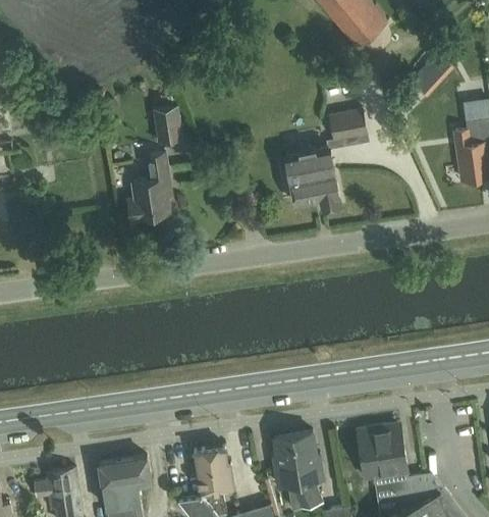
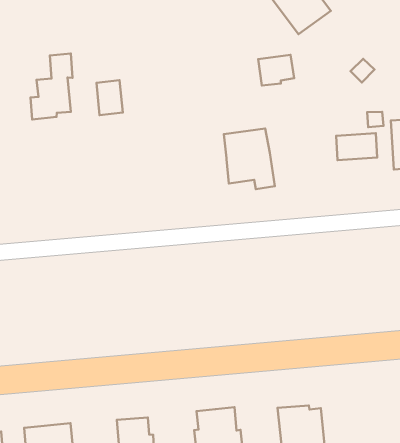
building: [328,109,366,142] -> [258,55,294,85]
building: none -> [336,133,377,160]
building: [126,153,168,222] -> [31,54,73,120]

